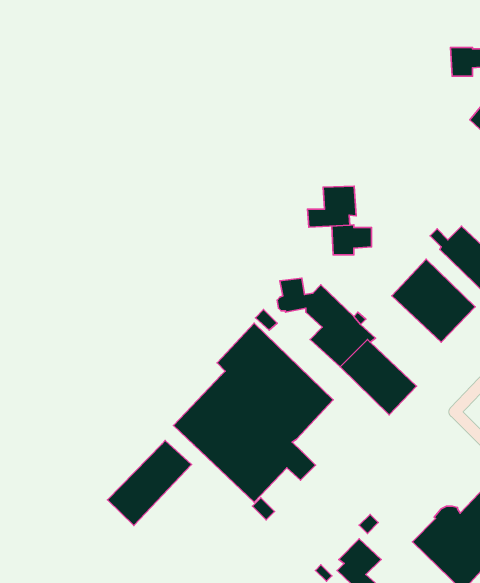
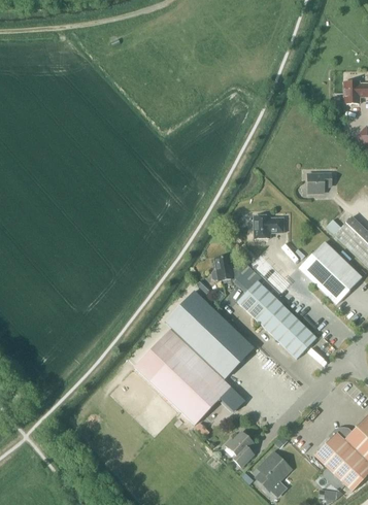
building: none -> [308,173,331,193]
building: [308,186,356,227] -> none
building: [108,441,191,525] -> none
building: none -> [225,431,255,467]

